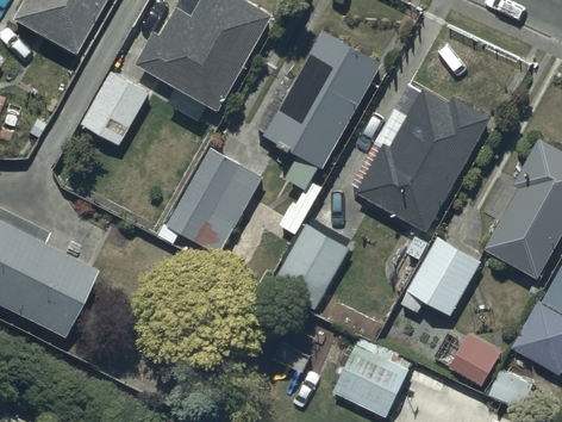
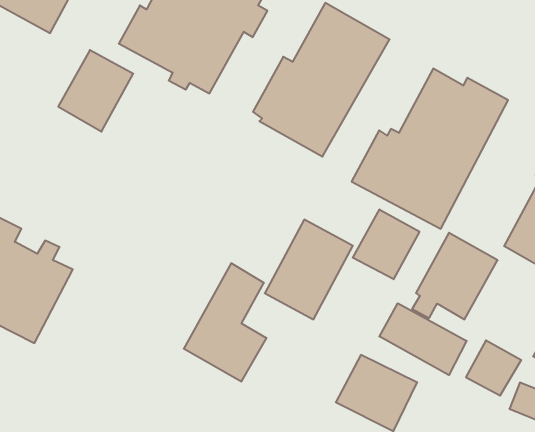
building: [168,148,243,255] -> [184,263,267,381]
building: none -> [353,209,419,279]
building: none -> [379,303,467,375]

